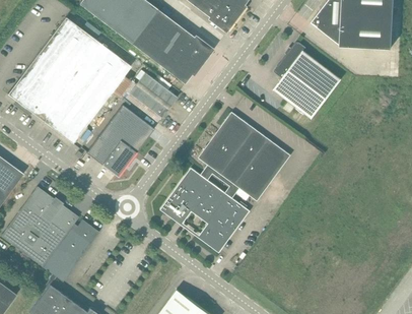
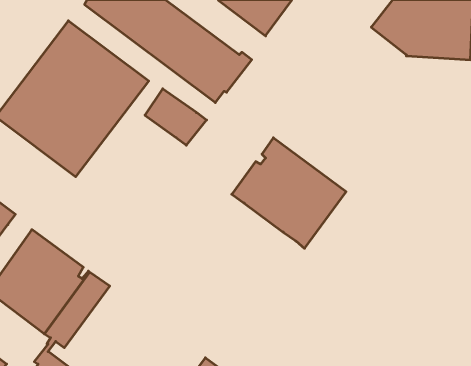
building: [273,43,341,119] -> none
building: [86,105,153,176] -> none
building: [160,165,250,253] -> none

